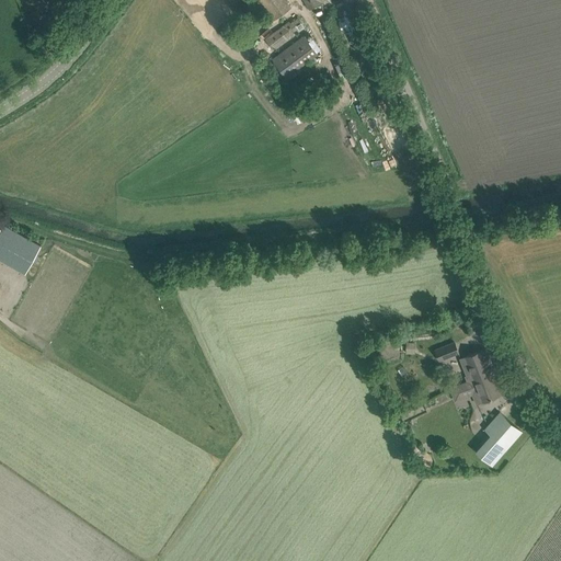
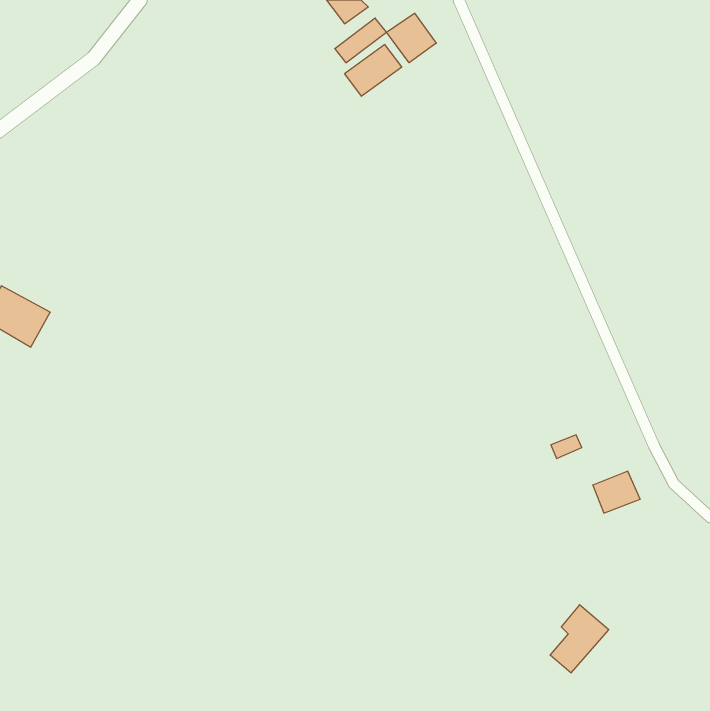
building: none -> [386,13,436,63]
building: [459,350,493,382] -> none
building: [474,412,520,466] -> [550,605,609,673]

